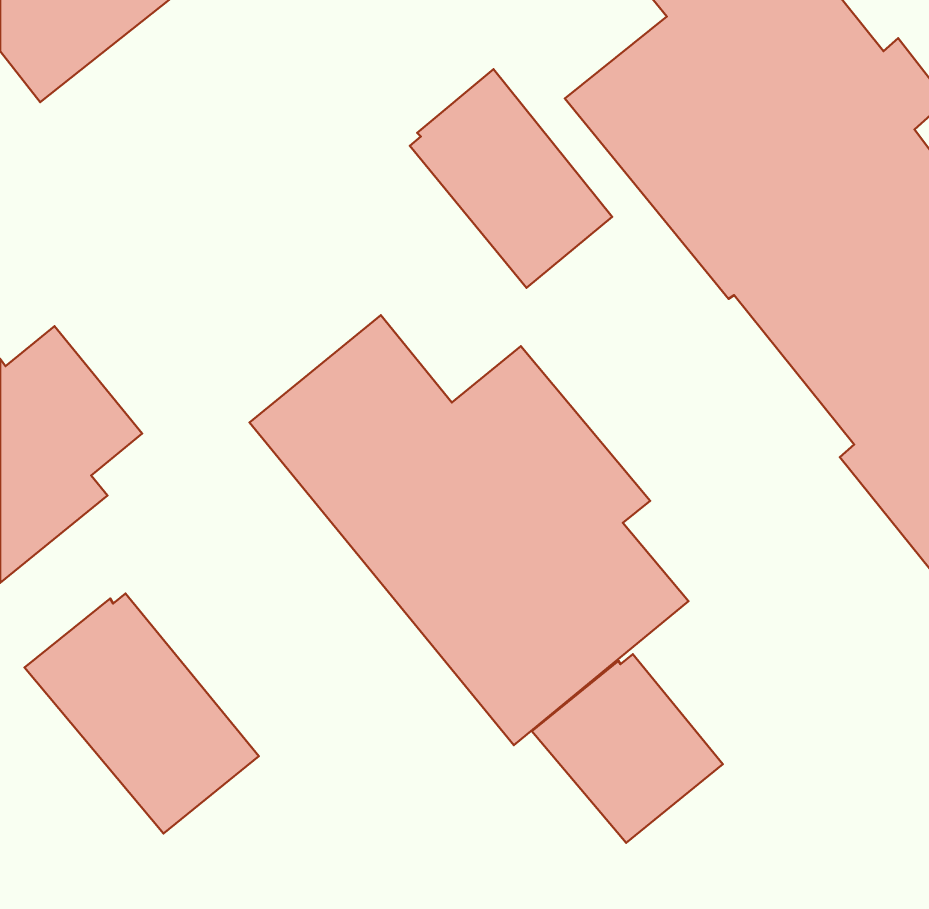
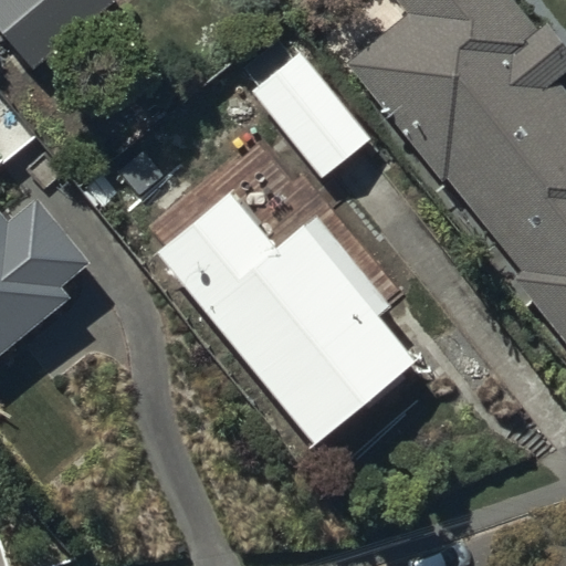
building: [25,593,259,834] -> none
building: [532,654,723,843] -> none

